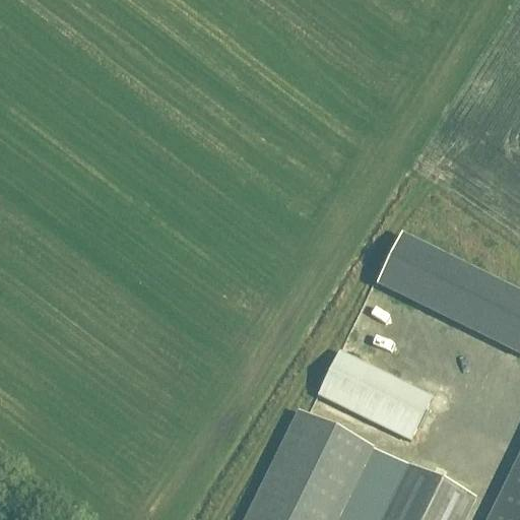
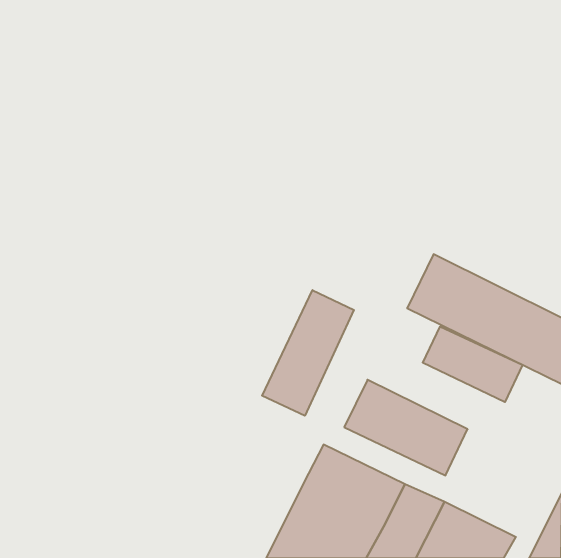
building: none -> [262,290,354,416]
building: none -> [423,327,522,402]

